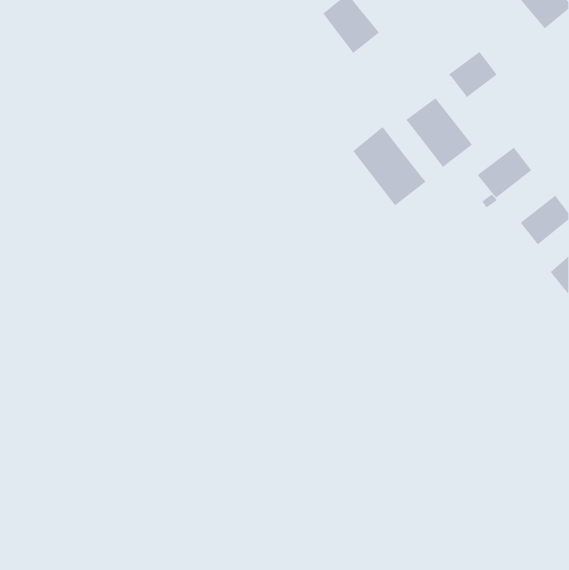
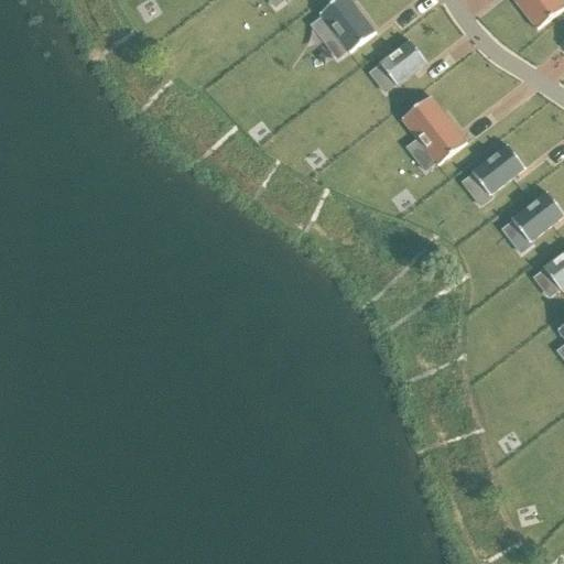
building: [448,51,498,98] -> [377,40,425,86]
building: [352,126,426,206] -> none

